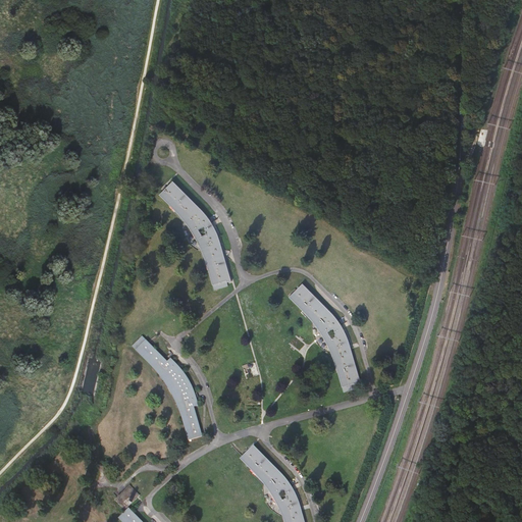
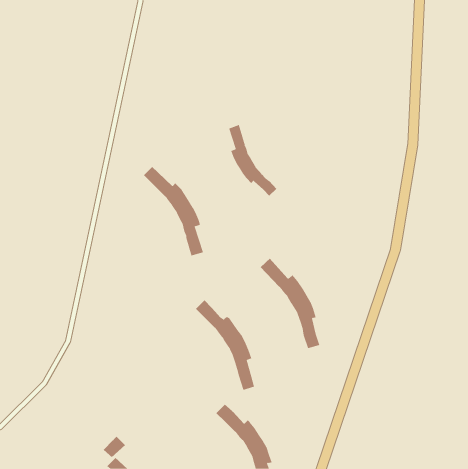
building: none -> [228,124,277,197]
building: [136,340,202,440] -> [195,300,255,391]

